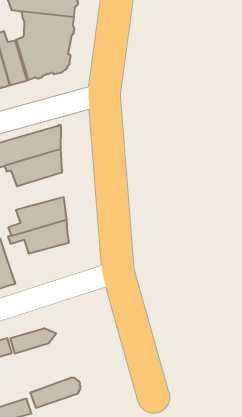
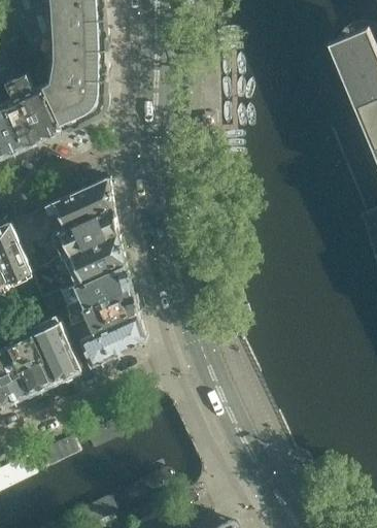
building: none -> [62,232,125,283]
building: none -> [79,312,144,365]

